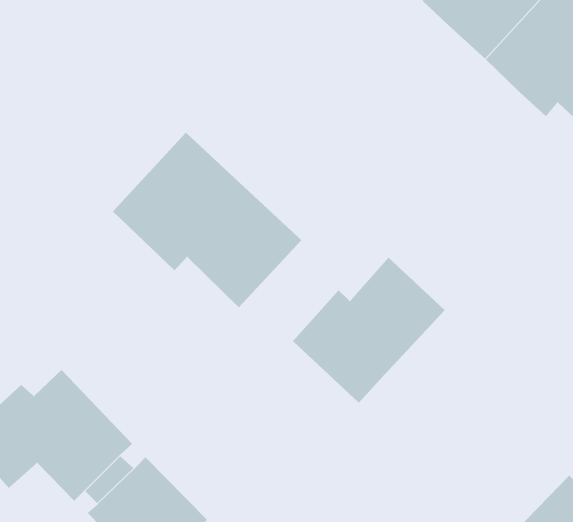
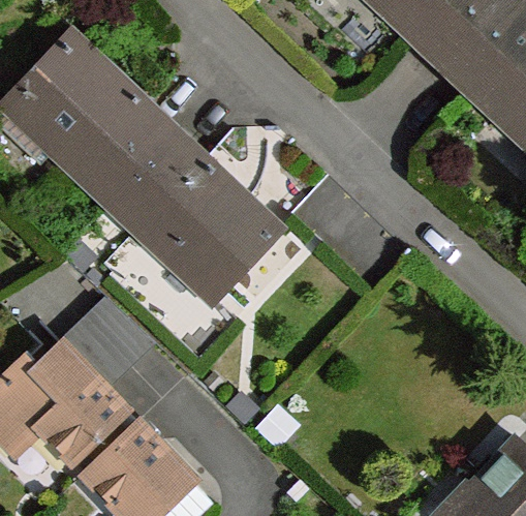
building: none -> [11,34,172,203]
building: [292,257,446,403] -> none
building: none -> [60,299,152,392]

